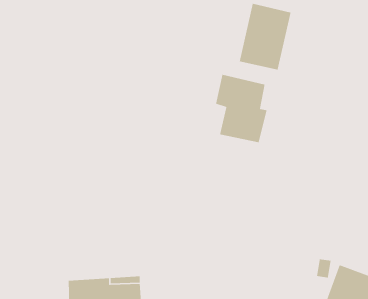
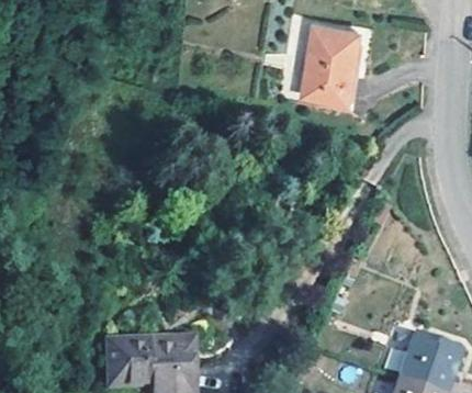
building: [215,74,267,143] -> none

